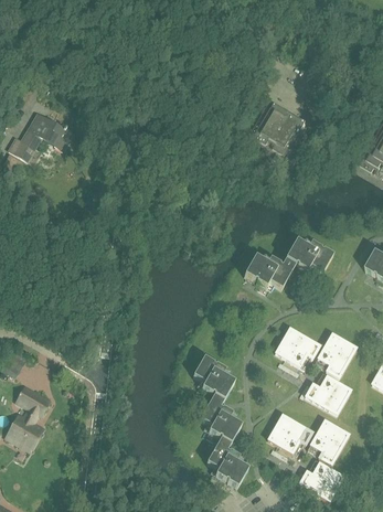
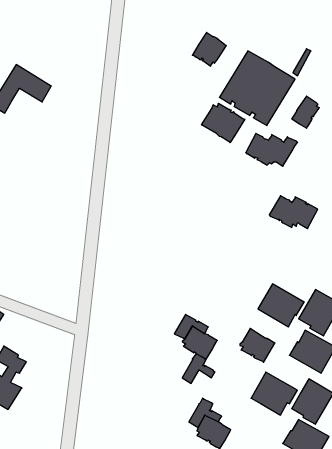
building: none -> [192,32,226,66]
building: none -> [292,96,319,128]
building: none -> [202,103,245,143]
building: [245,256,296,288] -> [246,133,298,166]
building: [208,410,242,444] -> [240,328,275,362]

